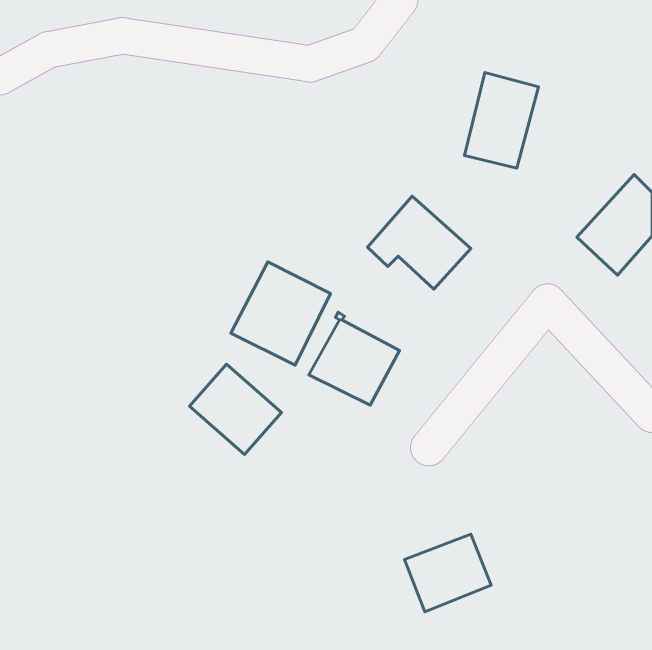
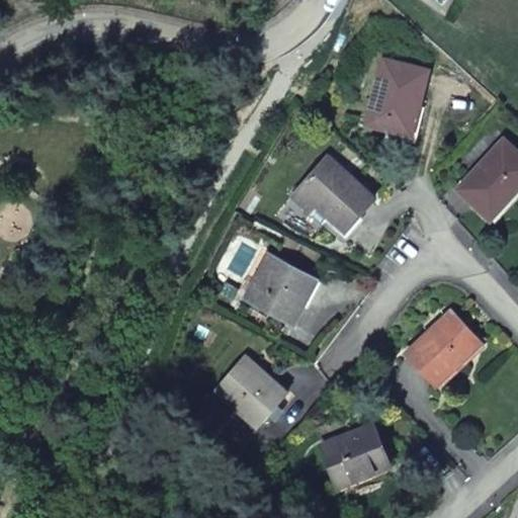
building: [231,262,330,365] -> none
building: [190,364,281,455] -> [213,355,286,427]
building: none -> [406,312,481,385]

